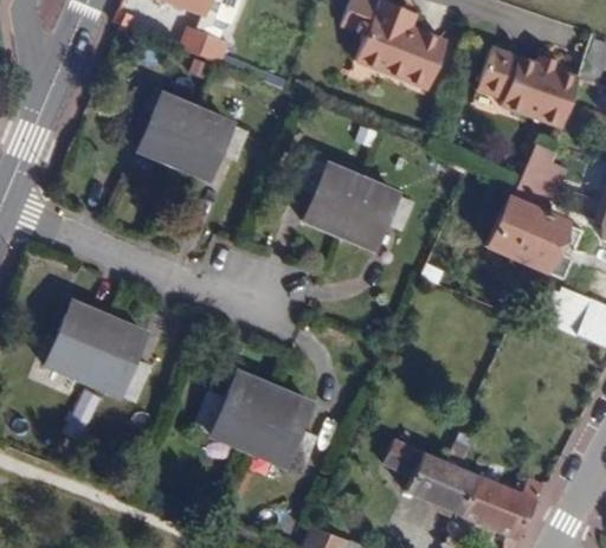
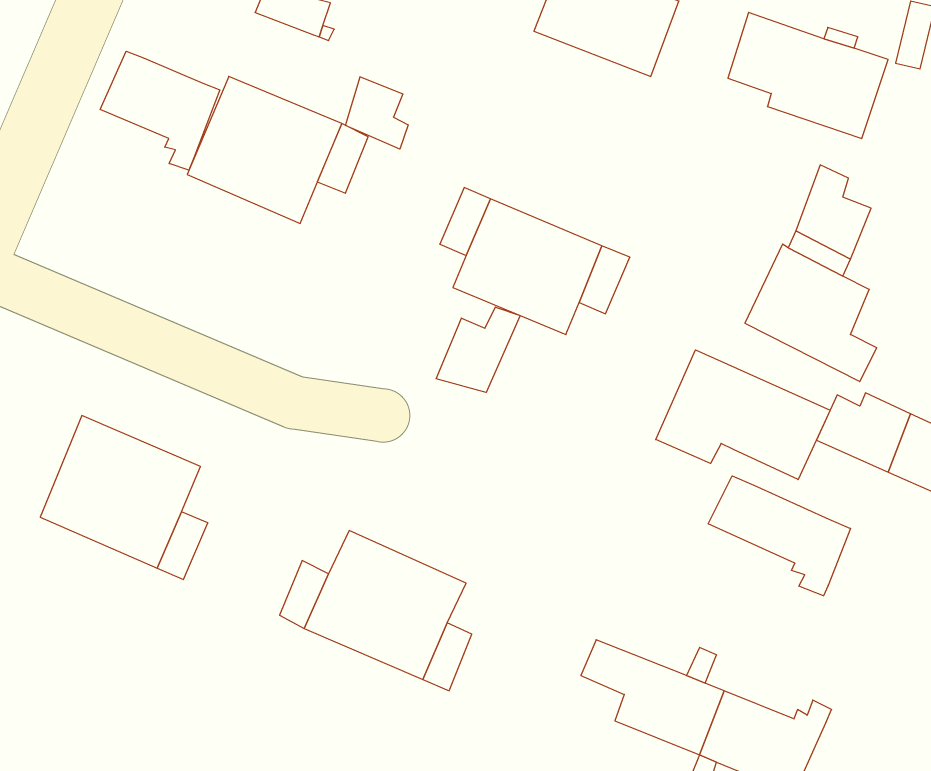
building: none -> [100,51,220,170]
building: none -> [346,77,408,149]
building: none -> [436,307,520,392]
building: none -> [656,350,830,480]
building: none -> [708,476,851,596]

